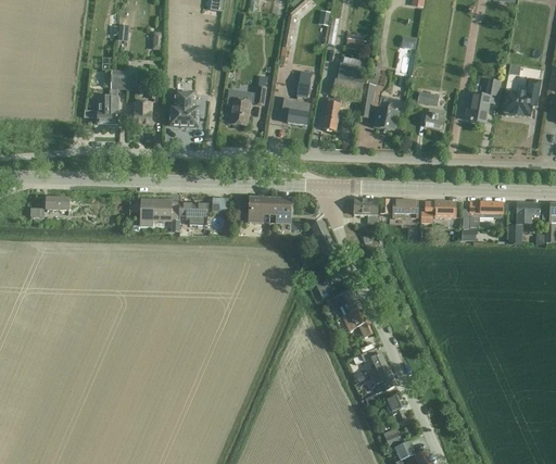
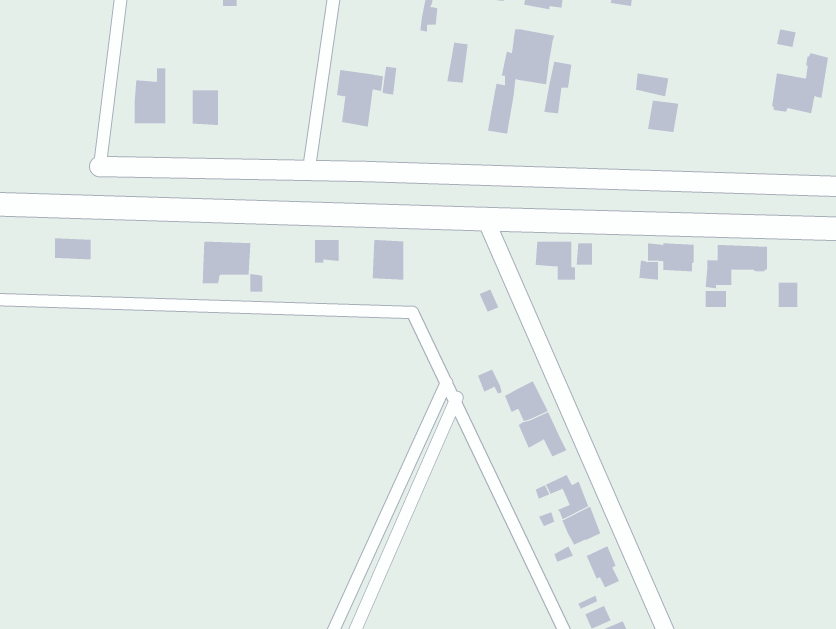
building: [111,70,136,88] -> none
building: [465,78,500,123] -> none
building: [170,91,198,125] -> none
building: [281,98,308,124] -> none
building: [372,102,399,131] -> none
building: [269,198,290,223] -> none
building: [393,199,417,218] -> none
building: [516,201,540,224] -> none
building: [178,202,207,224] -> none

